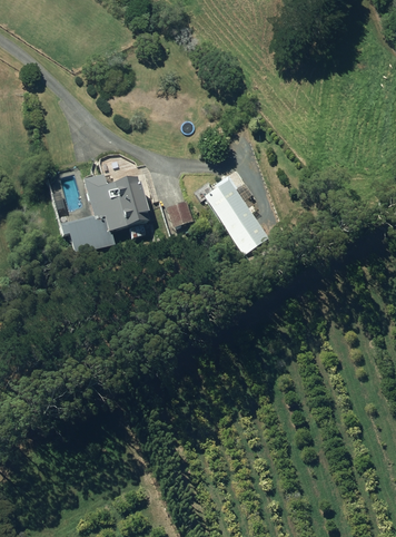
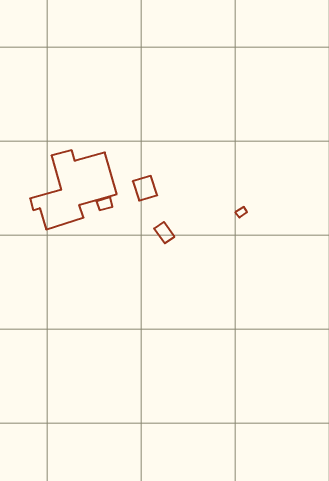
building: [205,180,269,256] -> none

